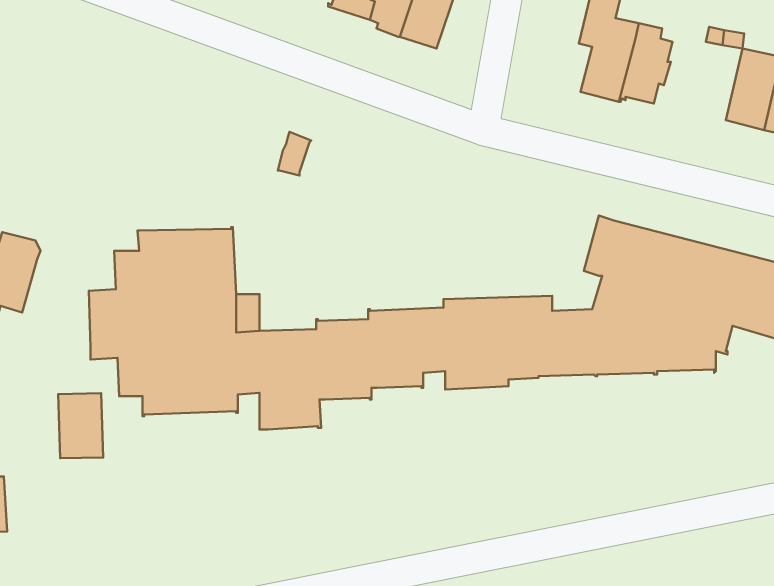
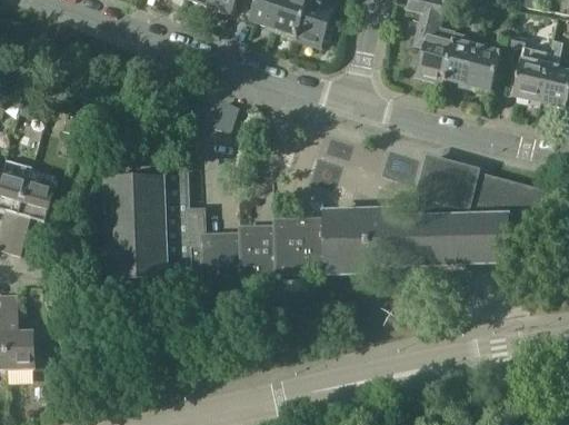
building: none -> [463,41,499,90]
building: [58,393,103,458] -> none

